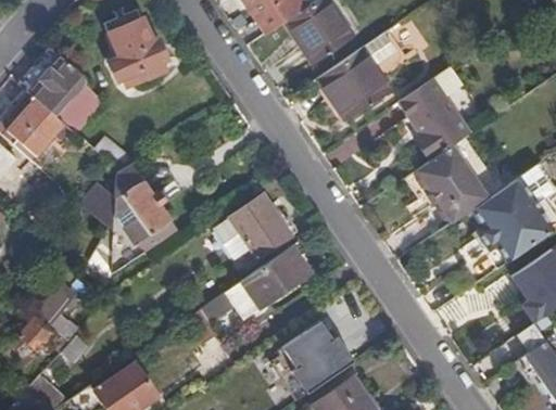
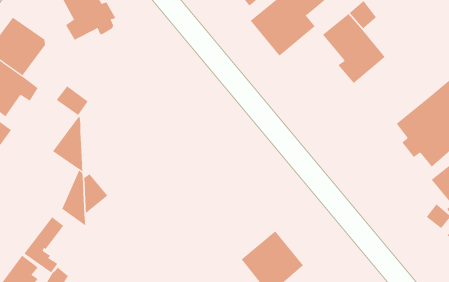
building: [55,82,102,132] -> none
building: [415,128,511,217] -> none
building: [114,163,168,244] -> none
building: [215,194,296,258] -> none
building: [185,246,308,344] -> none

